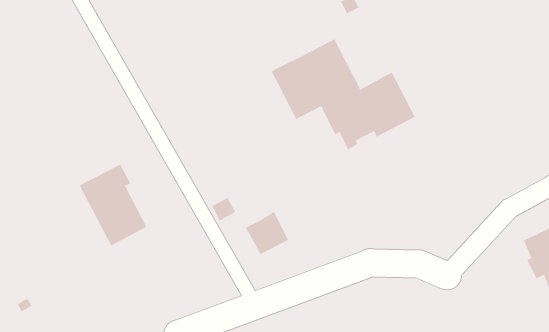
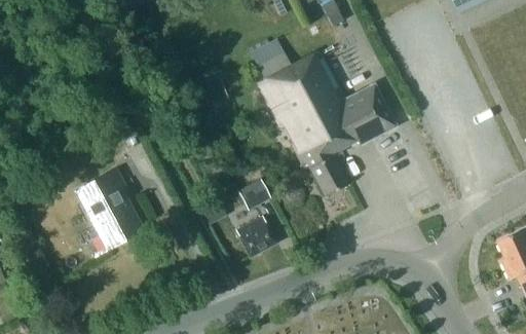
building: none -> [250,39,290,79]
building: none -> [283,116,347,197]
building: none -> [237,180,270,208]

